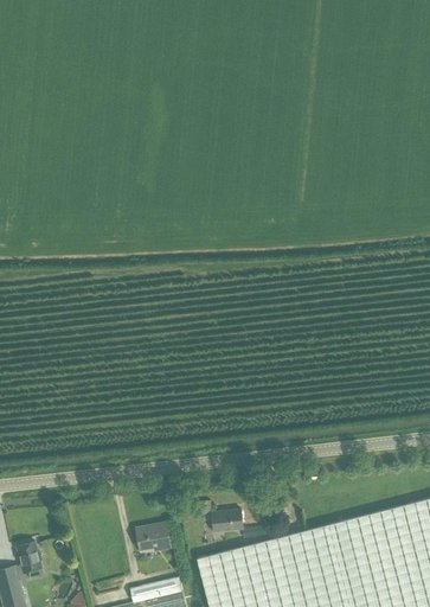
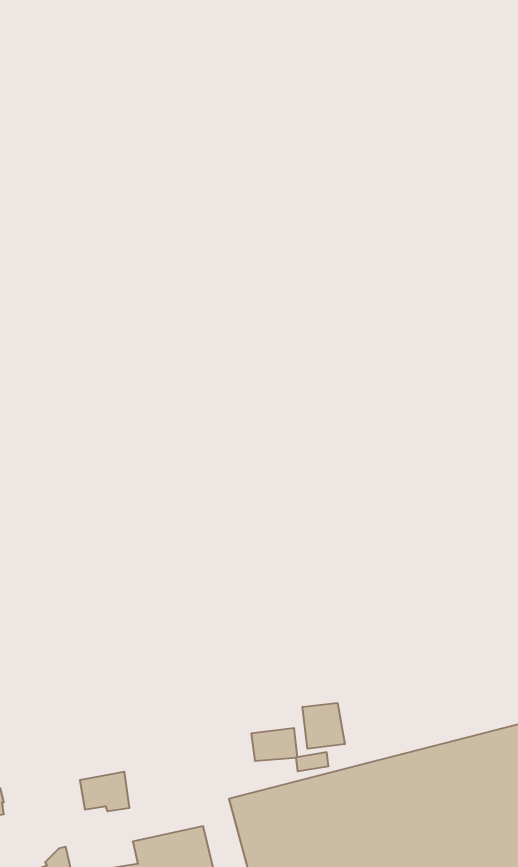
building: none -> [302,703,345,749]
building: [135,523,169,550] -> [80,772,130,811]

